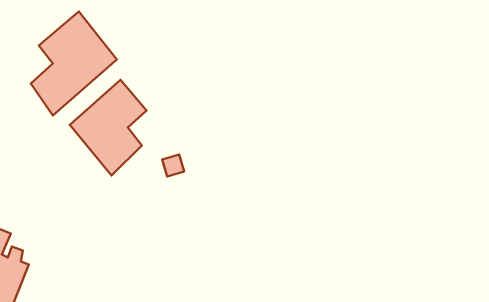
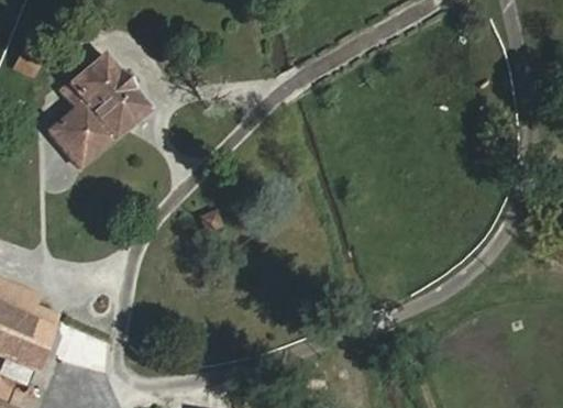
building: [70,80,147,176] -> none

